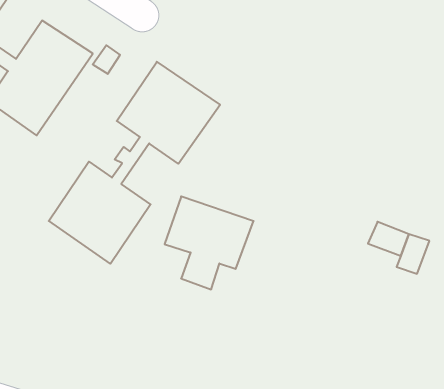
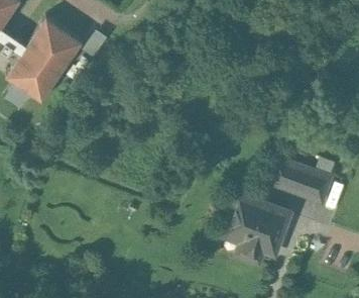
building: [49,62,220,264] -> none
building: [165,196,254,289] -> [225,196,290,265]

